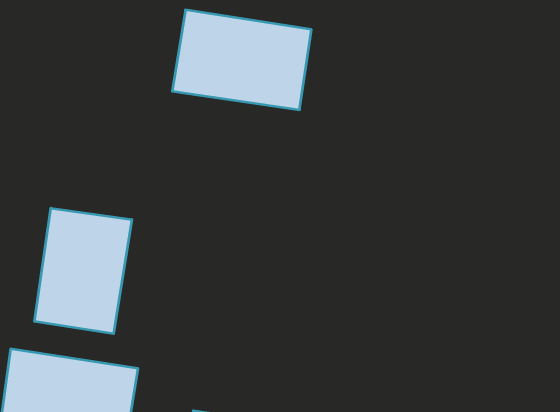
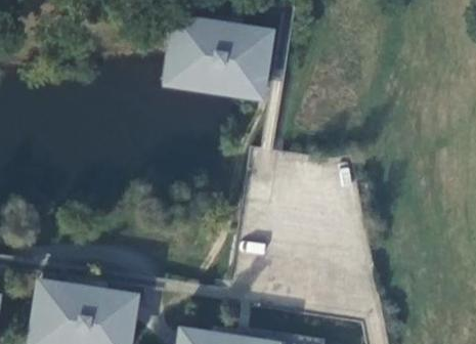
building: [34,208,132,334] -> none

